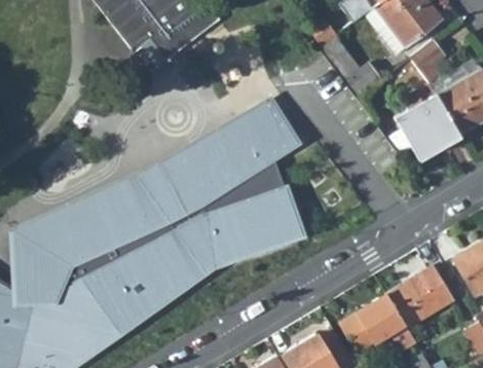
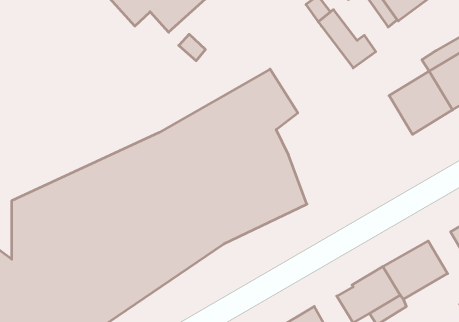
building: [407,40,443,85] -> none

